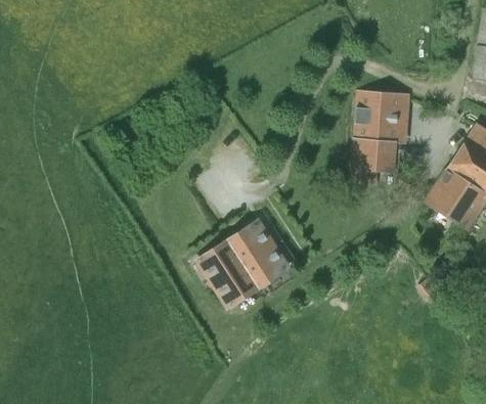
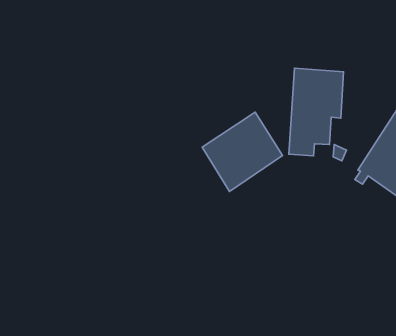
building: [198,221,285,307] -> [202,112,282,191]

